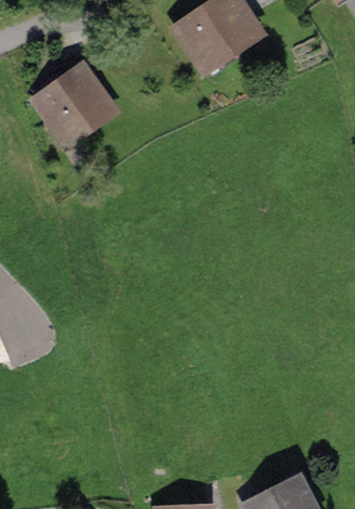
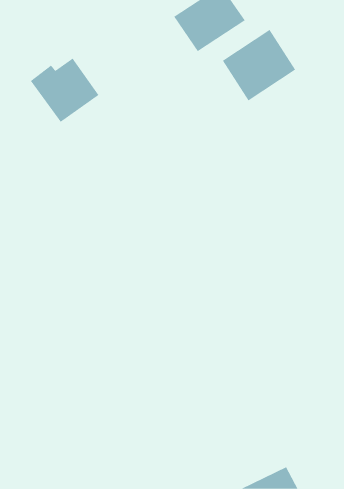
building: none -> [222,29,296,101]

